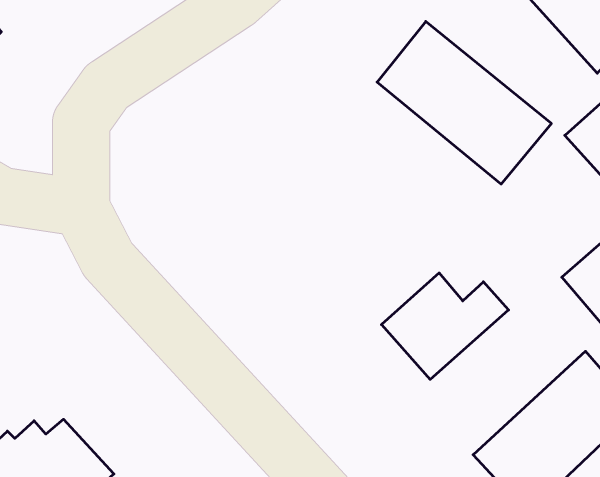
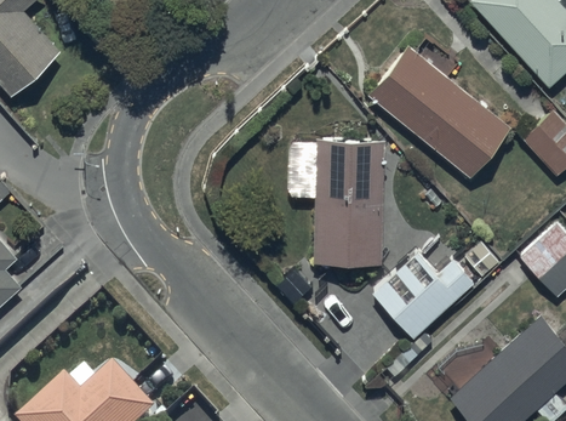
building: none -> [304,140,384,267]

